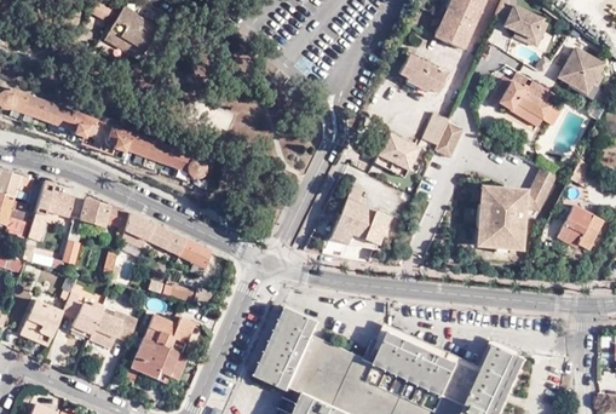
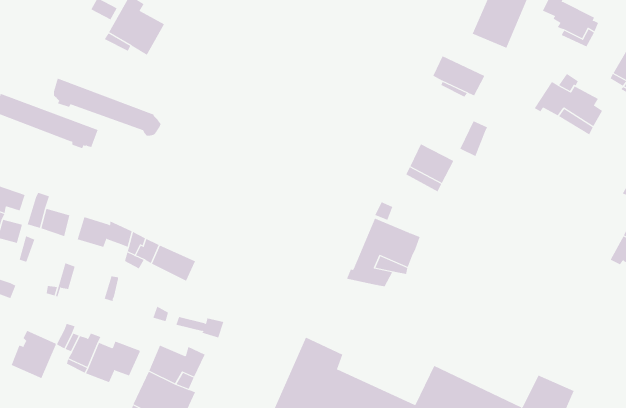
building: [433,121,461,156] -> none
building: [109,126,206,178] -> [53,78,161,136]
building: [482,168,554,249] -> none
building: [174,238,211,277] -> none

